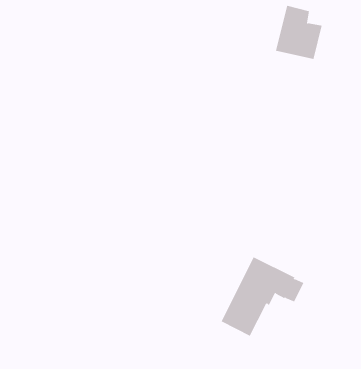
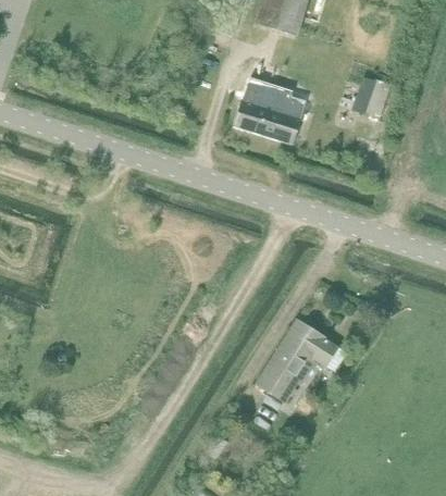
building: none -> [236,88,303,141]

